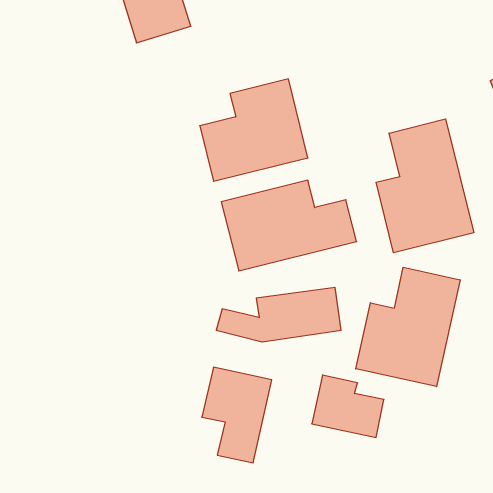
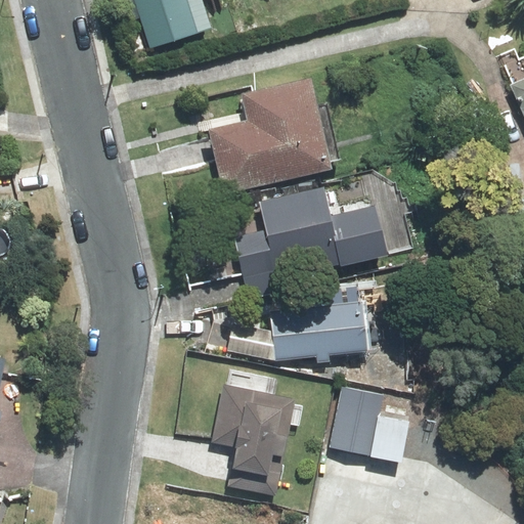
building: [376,119,474,253] -> none
building: [356,267,460,387] -> none

